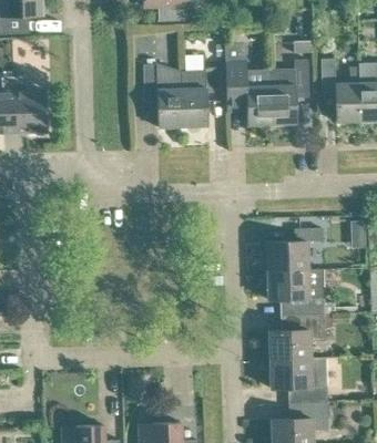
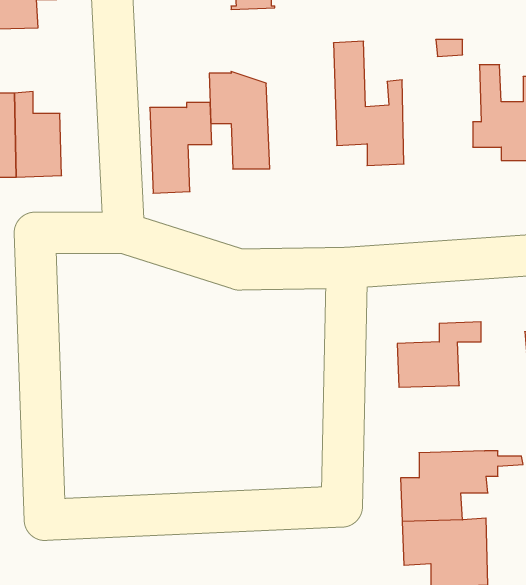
building: [271,59,309,124] -> none
building: [181,68,222,127] -> [150,103,212,193]
building: [268,269,325,315] -> none

